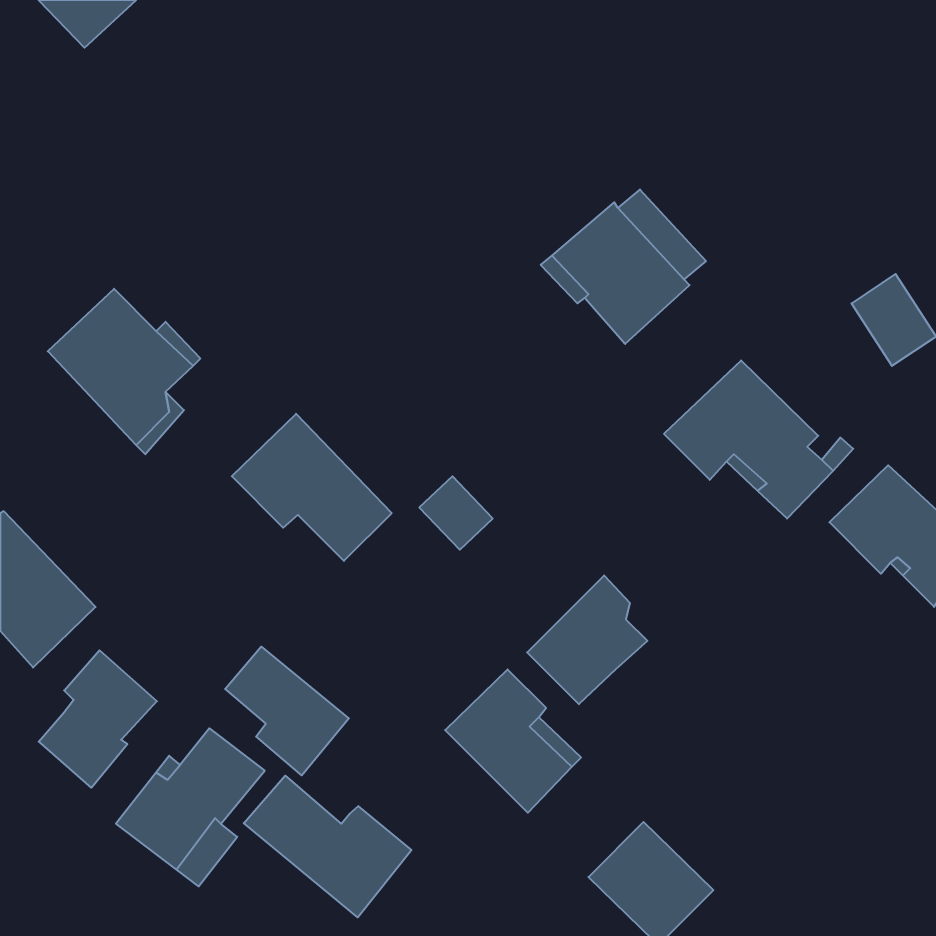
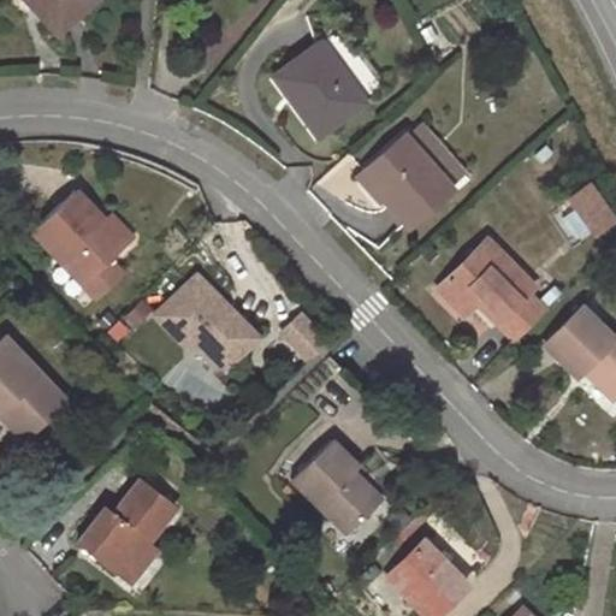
building: none -> [274,43,365,136]
building: [527,575,647,704] -> none
building: [225,647,349,775] -> none
building: [39,650,157,788] -> none
building: [244,776,411,917] -> none

